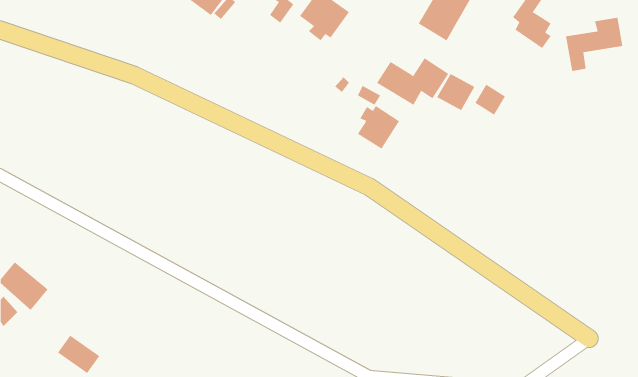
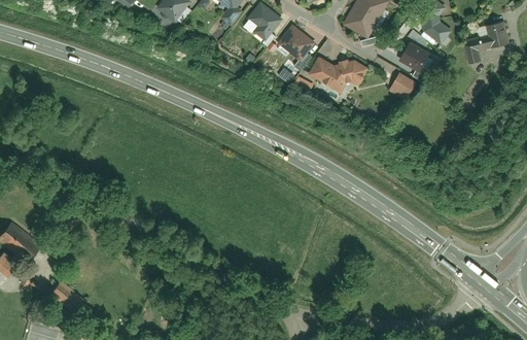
building: none -> [278,26,313,60]
building: [436,73,475,111] -> [399,39,431,70]
building: [357,105,400,150] -> none

